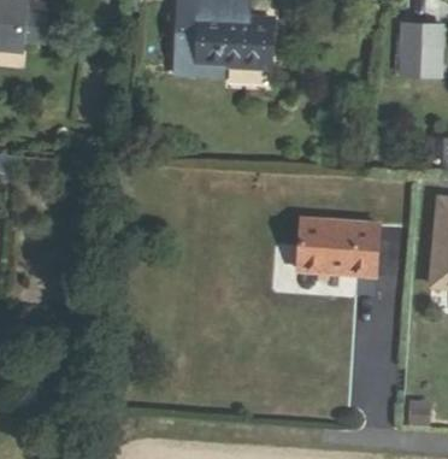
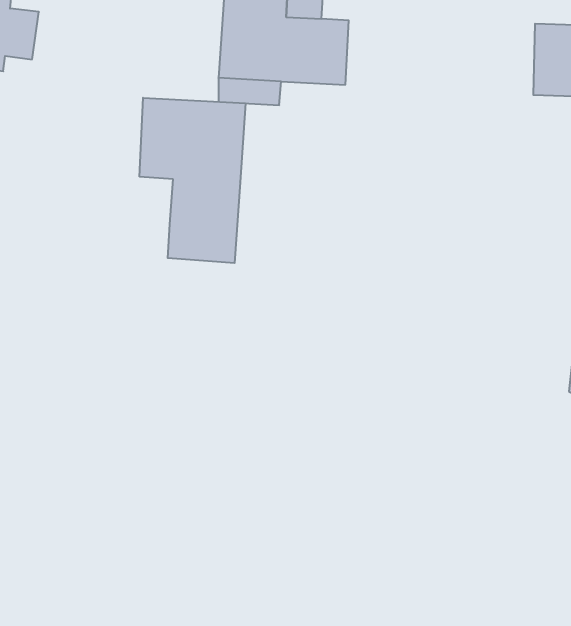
building: none -> [140,98,245,263]
building: [297,223,378,279] -> none

